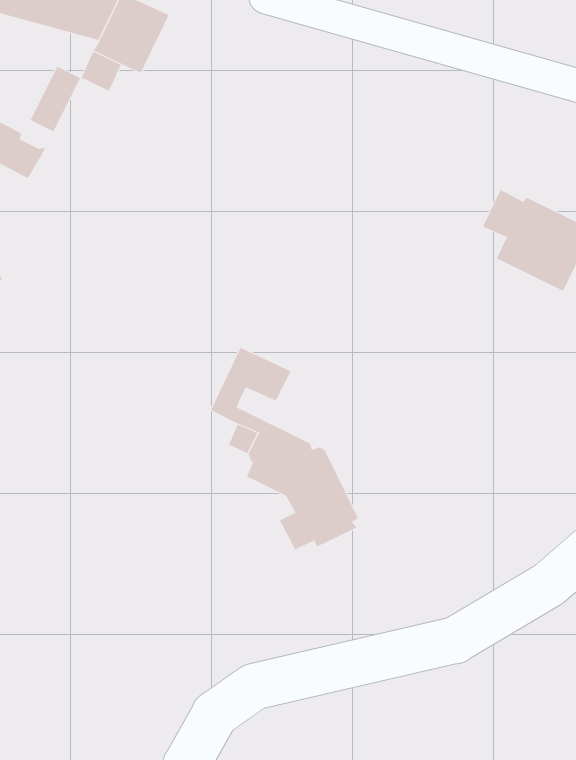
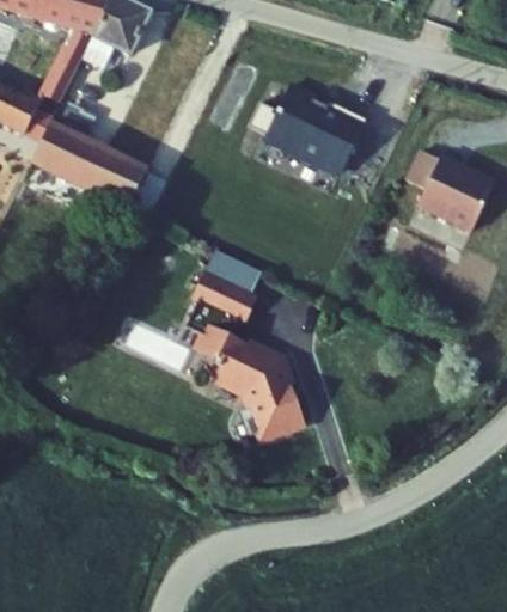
building: none -> [267,93,366,175]
building: none -> [31,124,143,206]
building: none -> [209,251,262,295]

